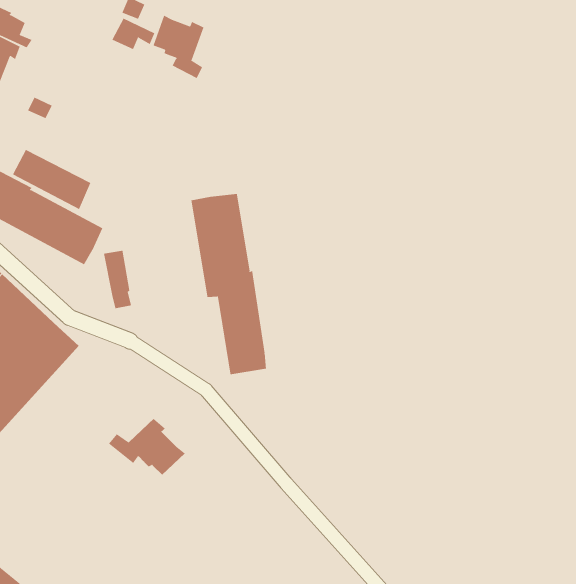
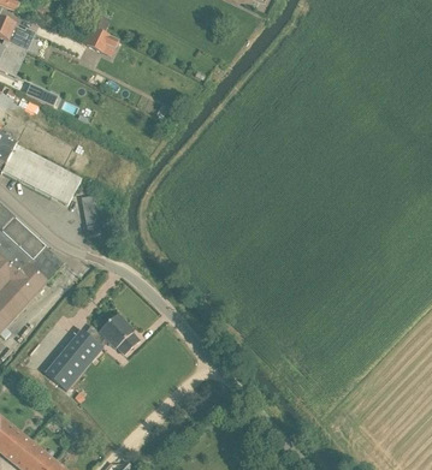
building: [153,15,204,79] -> none
building: [191,193,266,375] -> none
building: none -> [45,328,103,391]

